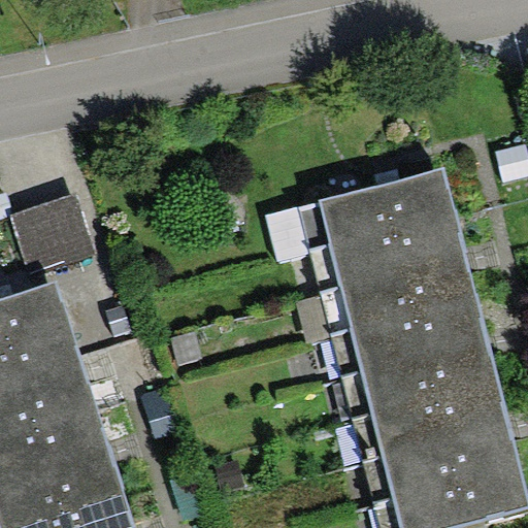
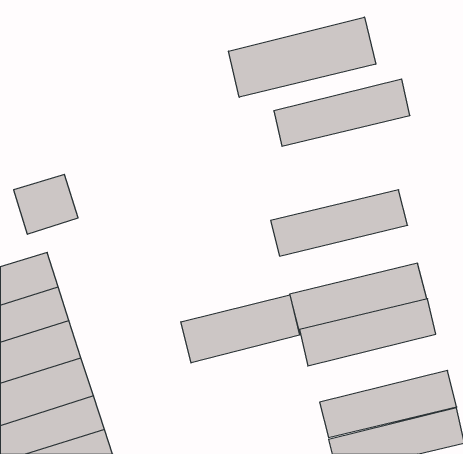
building: none -> [229,17,376,97]
building: [298,173,453,250] -> [274,79,410,146]
building: [319,258,474,333] -> none
building: none -> [181,295,299,363]
building: [353,380,507,456] -> none

